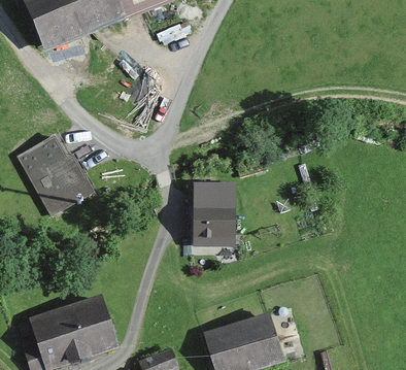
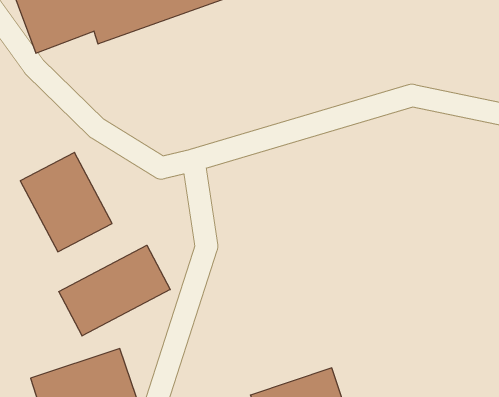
building: [193,179,235,242] -> none
building: none -> [59,245,170,336]

